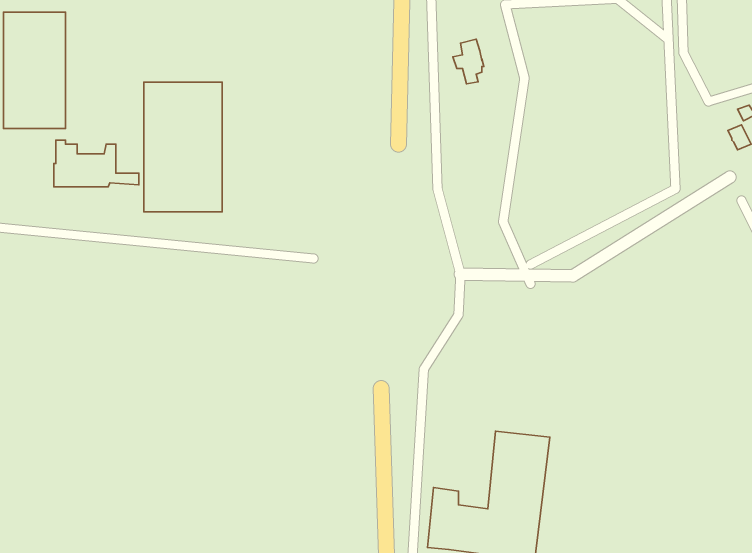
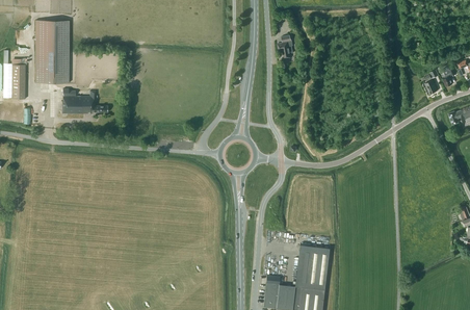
building: [144,82,222,212] -> none

